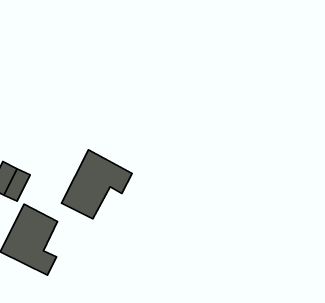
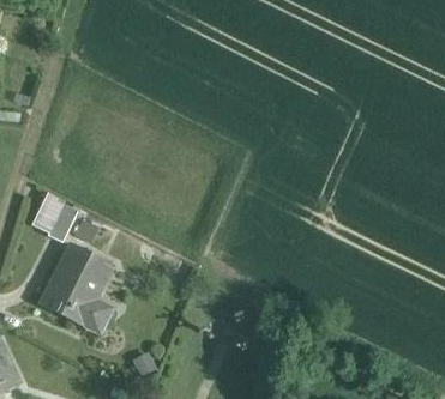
building: [62,150,132,219] -> none

